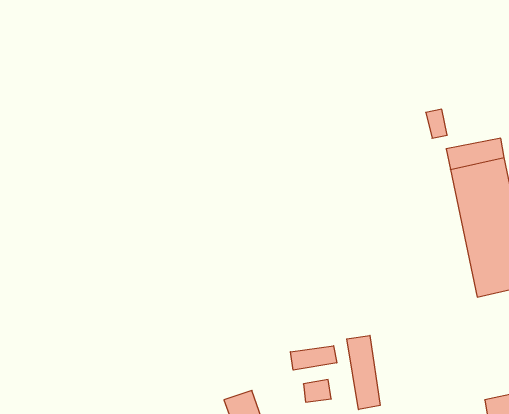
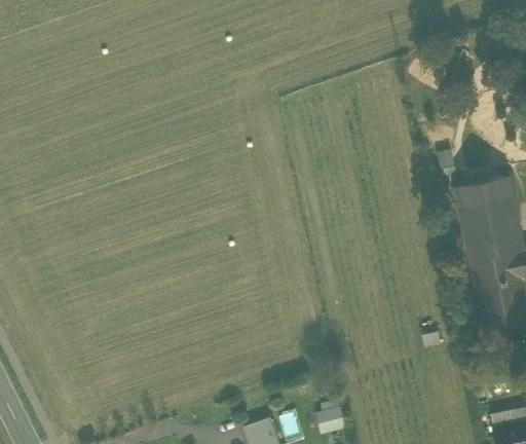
building: [347,335,380,410] -> none
building: [290,346,337,370] -> none

